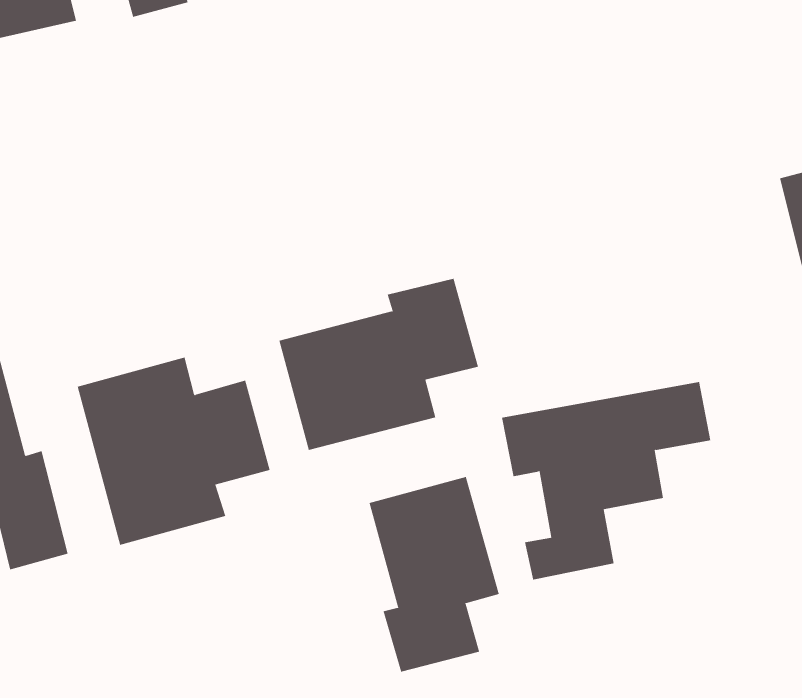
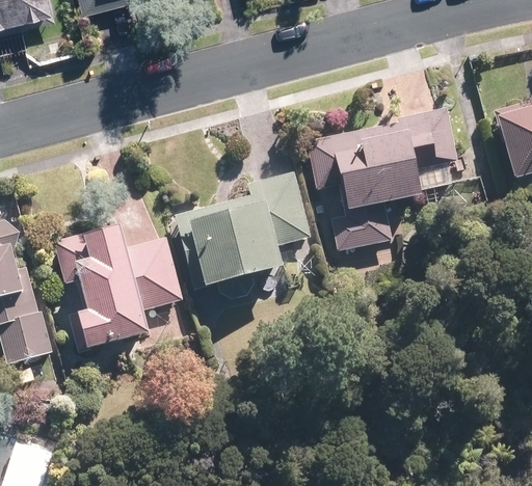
building: [501,382,711,580] -> [317,120,450,246]
building: [369,476,499,673] -> none

